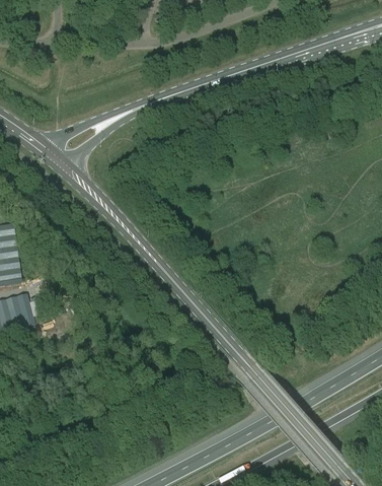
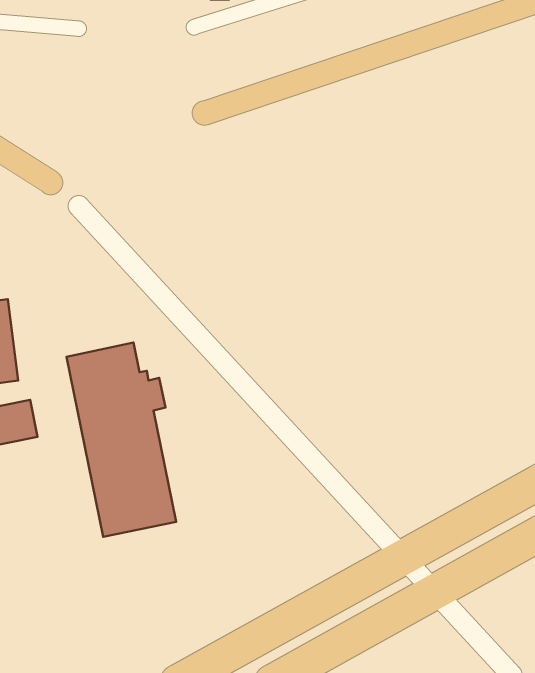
building: none -> [67,342,176,537]

